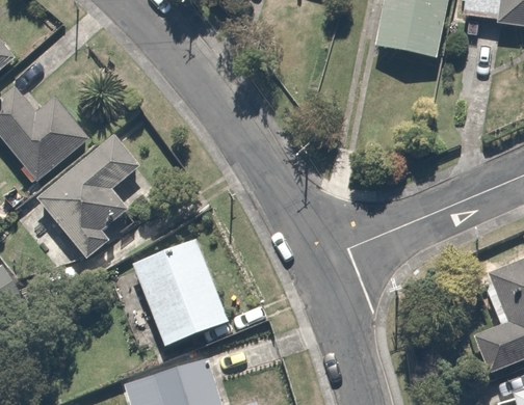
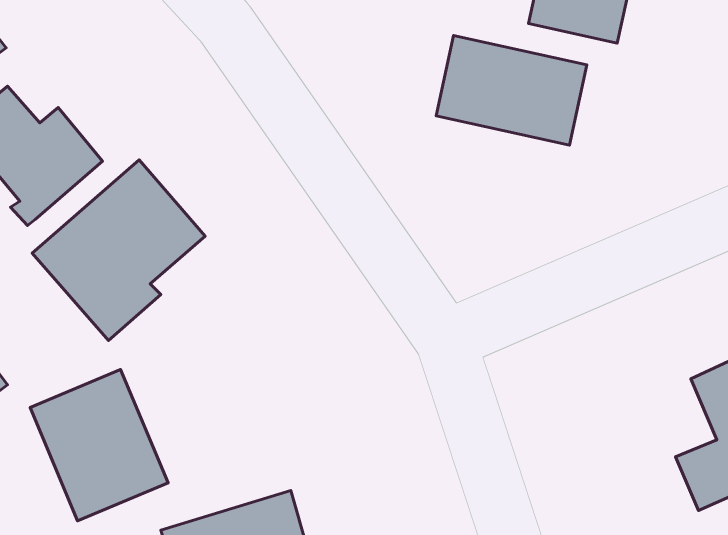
building: none -> [436,36,587,145]
building: [135,241,229,344] -> [30,369,168,521]

